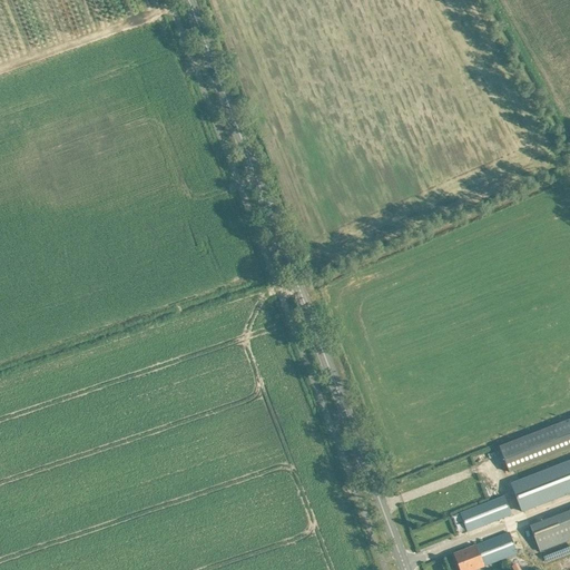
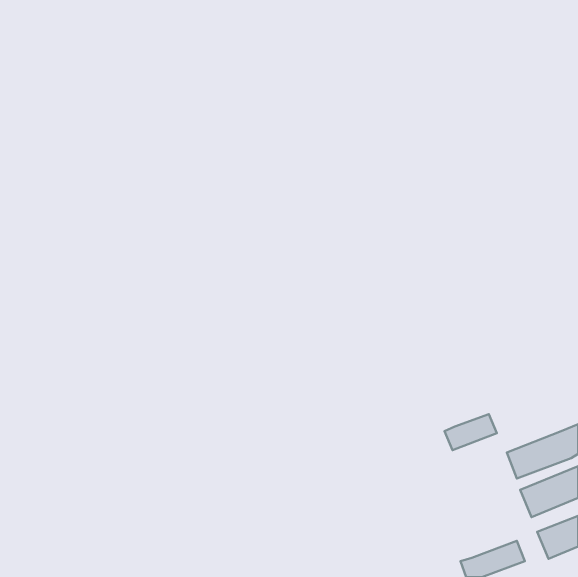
building: [460,495,511,531] -> [445,414,497,450]

